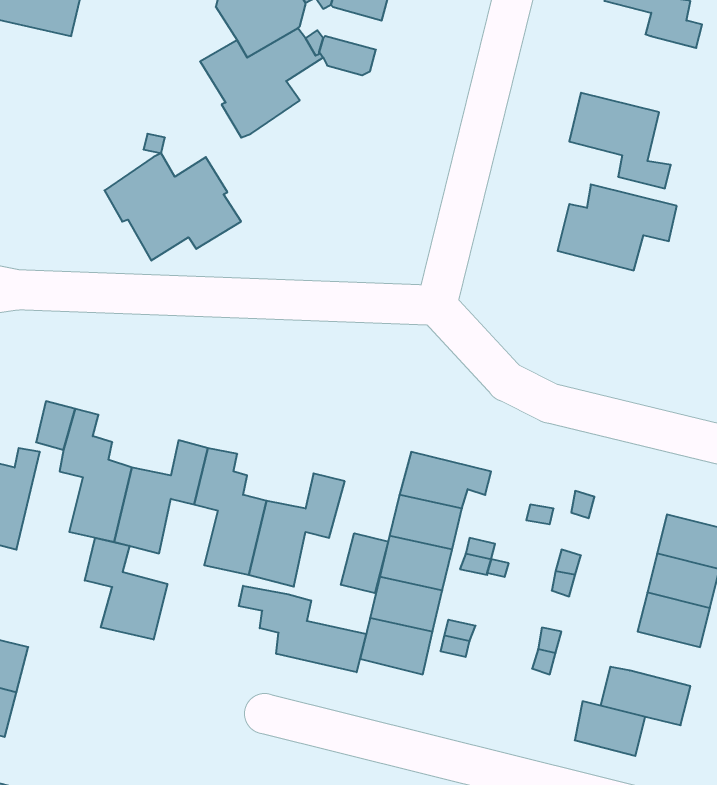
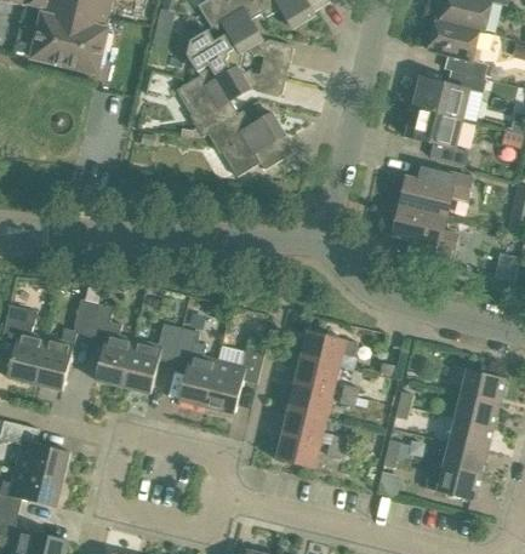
building: none -> [412,72,486,119]
building: [104,153,241,261] -> [207,109,292,176]
building: none -> [392,205,457,264]
building: [341,533,388,593] -> none
building: [85,538,167,640] -> none
building: [239,586,366,672] -> none
building: [575,701,645,756] -> [443,441,486,475]

